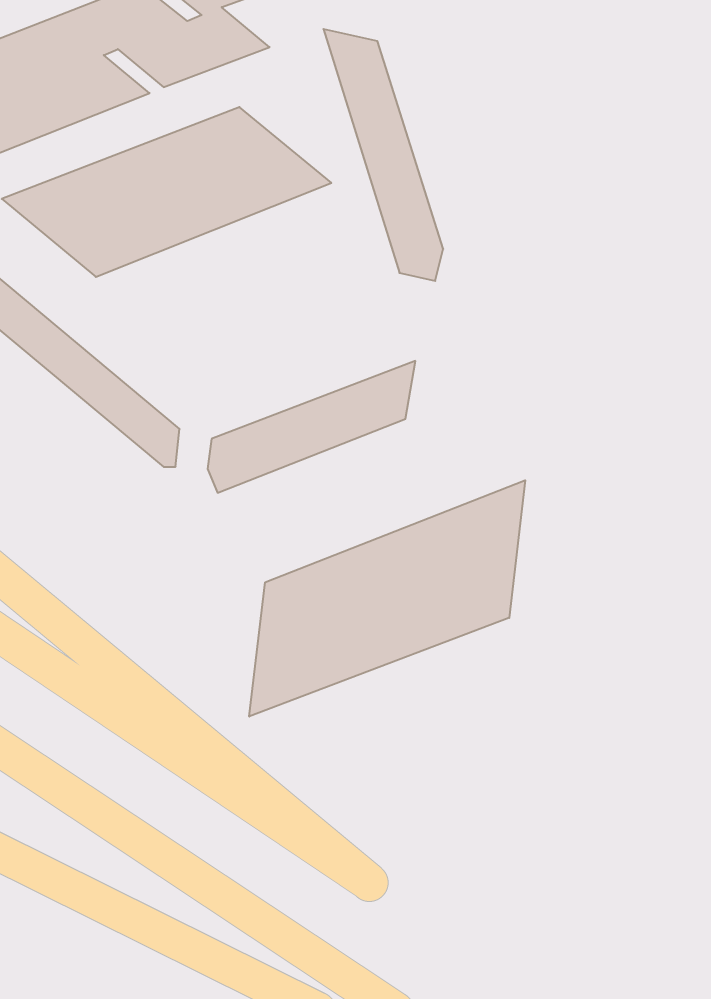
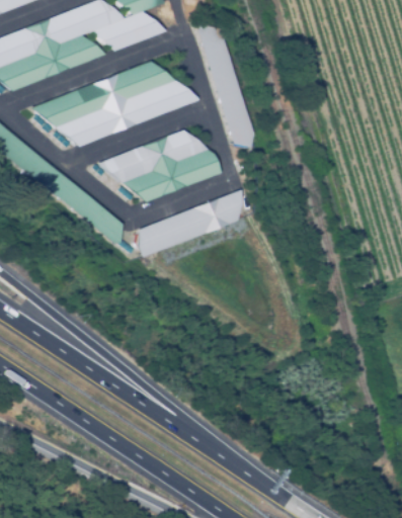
building: none -> [98,130,221,201]
building: [249,480,525,717] -> none

